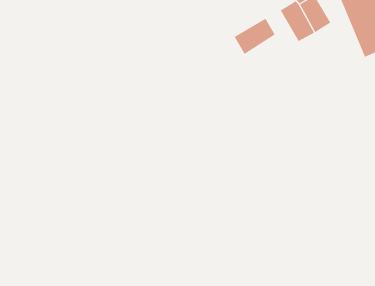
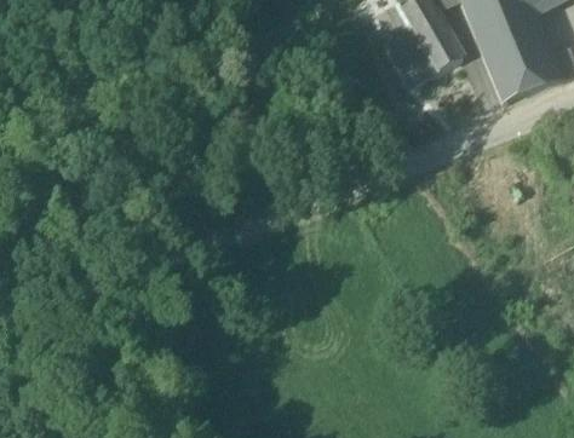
building: [234,18,276,55] -> none

